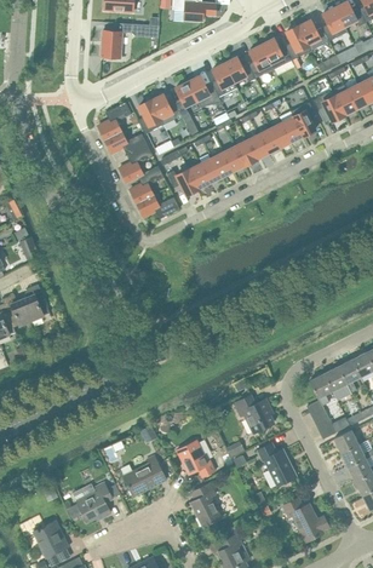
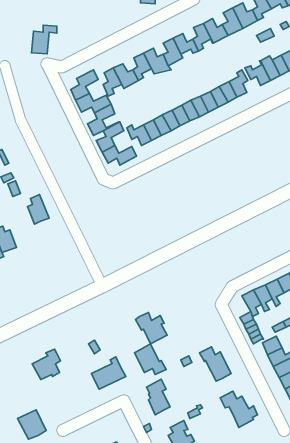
building: [101,23,132,58] -> [31,25,57,54]
building: [23,285,50,321] -> [28,195,49,224]
building: [235,395,274,434] -> [136,312,167,344]
building: [76,483,111,521] -> [32,349,61,379]

